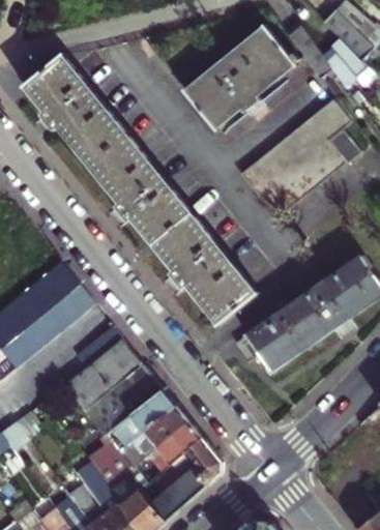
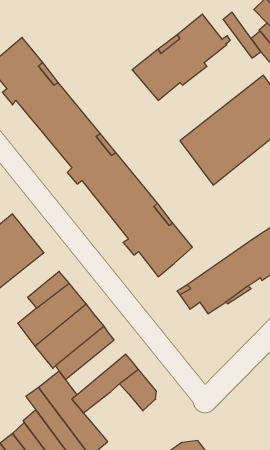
building: [111,402,180,465] -> none
building: [143,452,200,519] -> none

